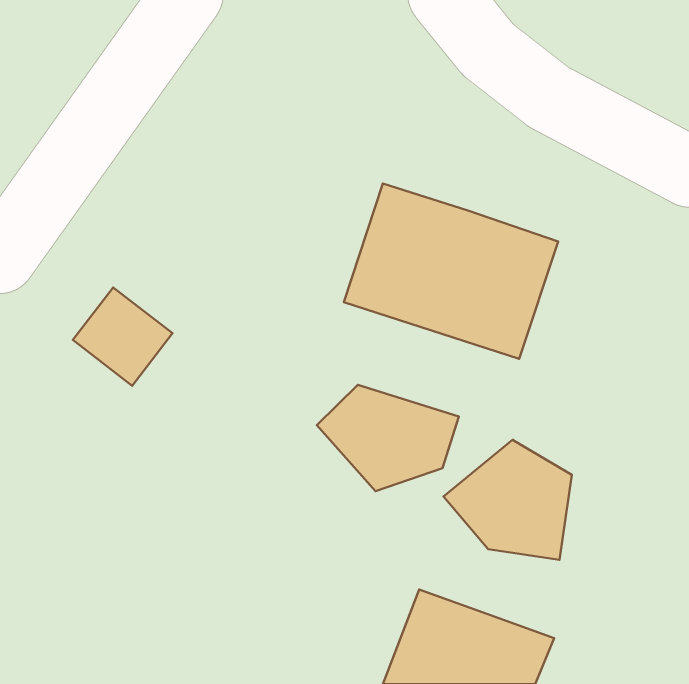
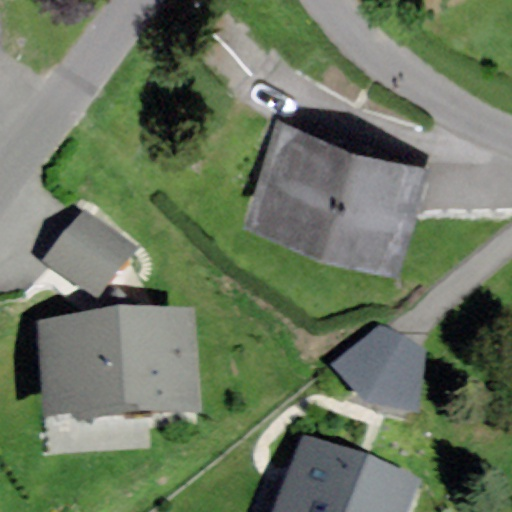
building: [317,385,459,491] -> none
building: none -> [45,308,191,413]

